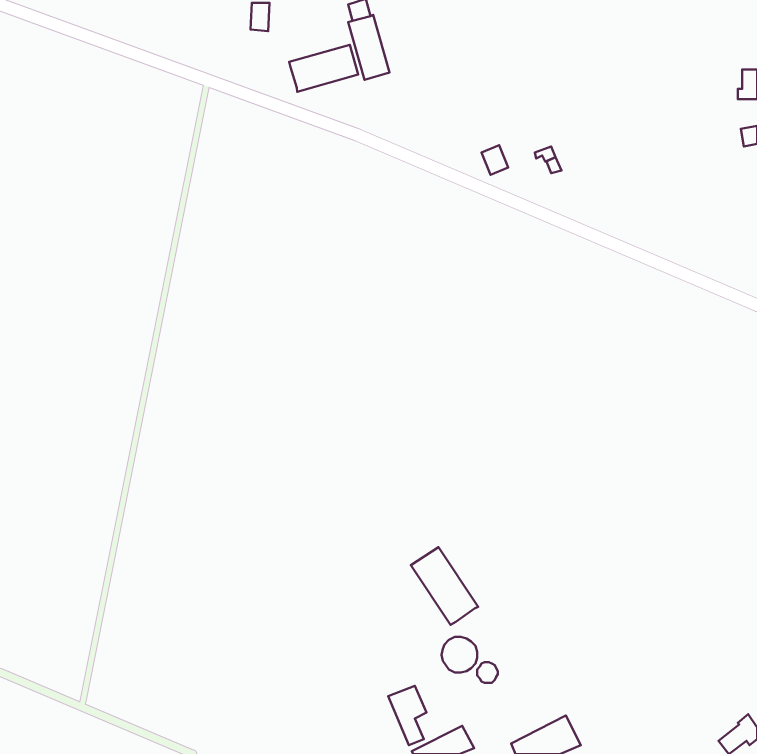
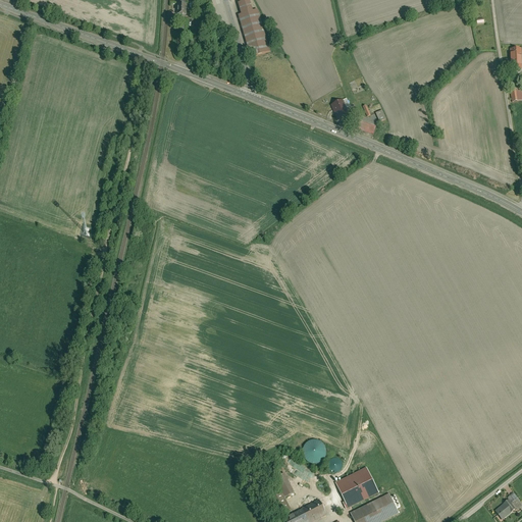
building: [289,45,358,92] -> none
building: [411,547,478,625] -> none
building: none -> [336,467,380,508]

